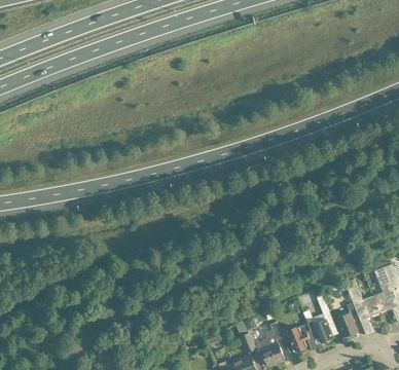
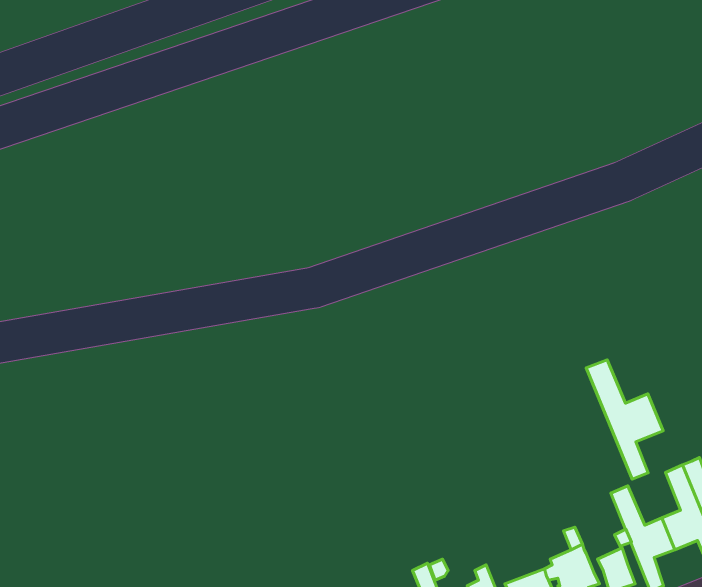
building: none -> [586,360,663,479]

